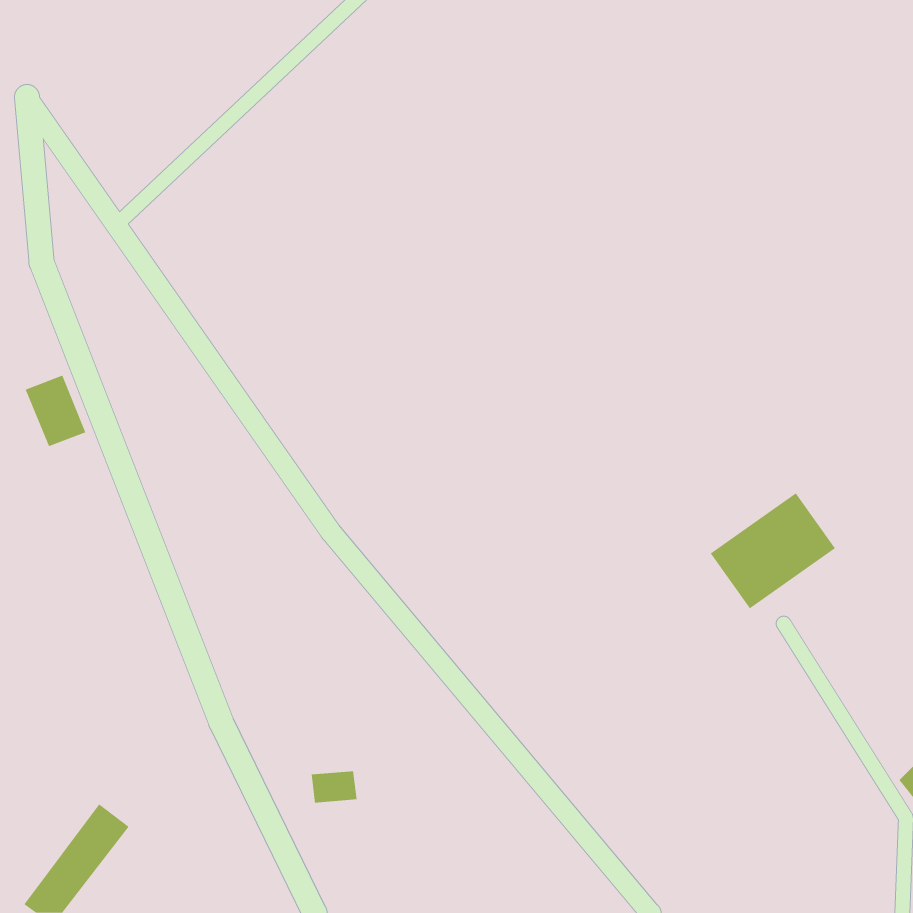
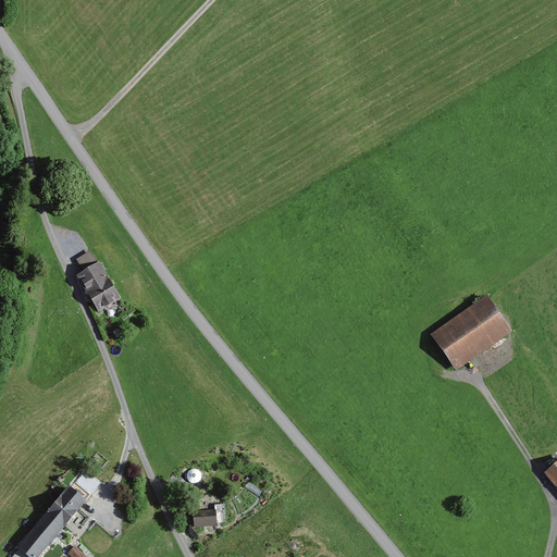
building: [25,375,86,447] -> [83,267,120,310]
building: [311,771,357,803] -> [193,506,221,525]

